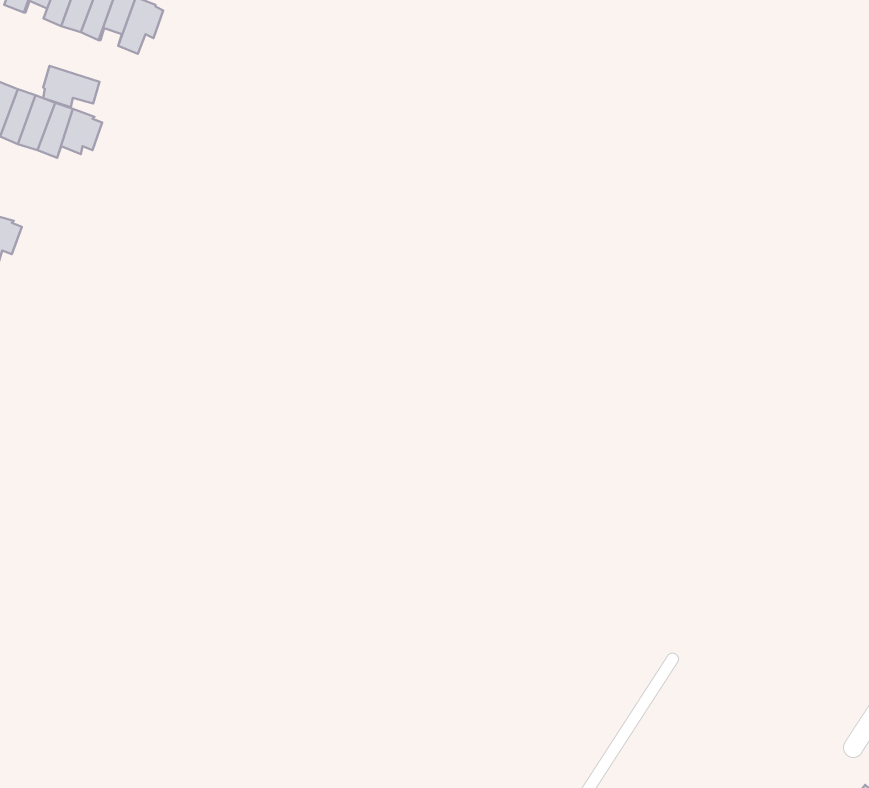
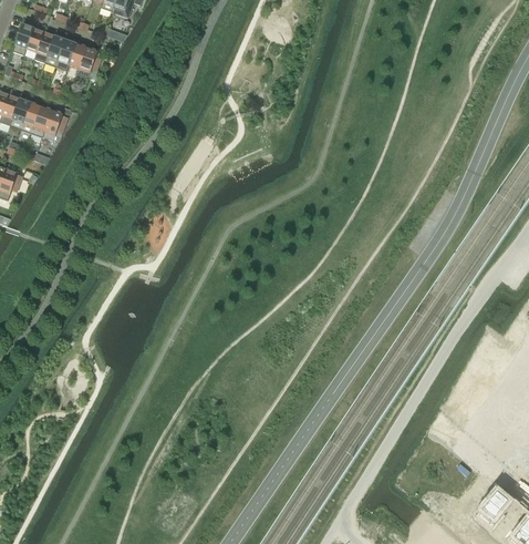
building: [43,66,99,107] -> none

